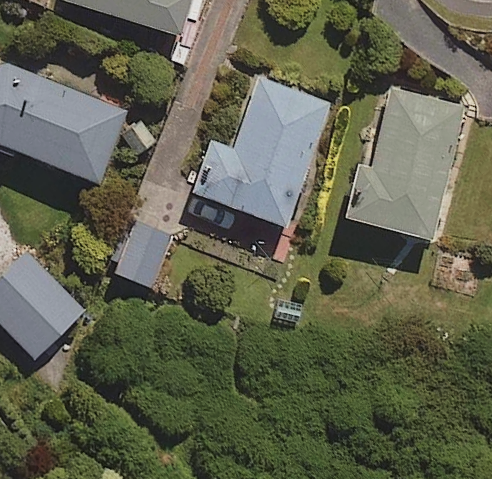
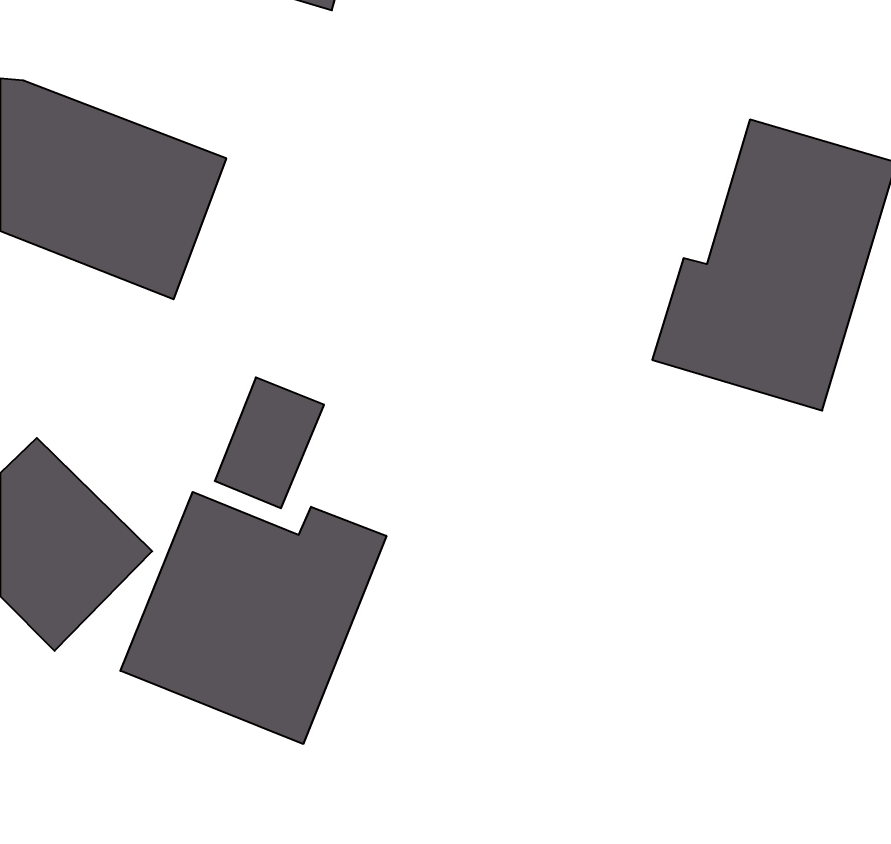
building: [193,79,330,224] -> none
building: none -> [120,492,386,744]

